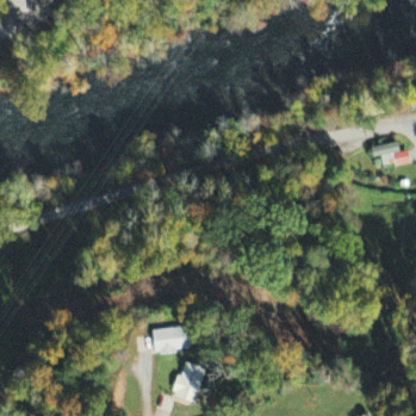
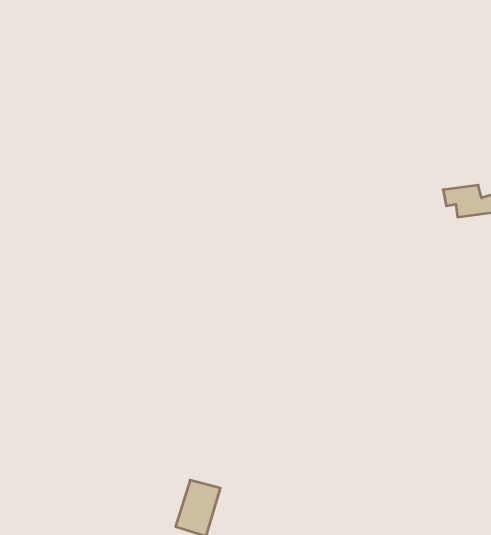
building: [151,327,192,352] -> none

